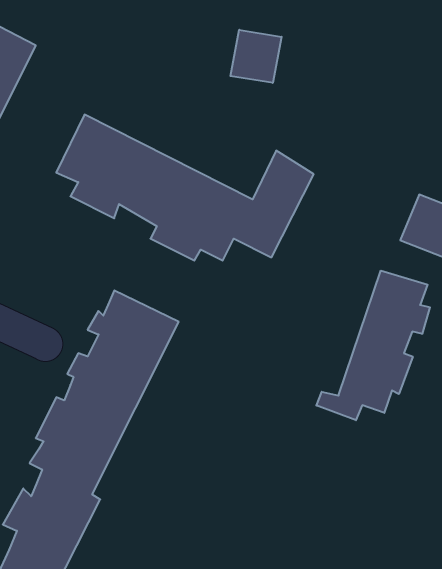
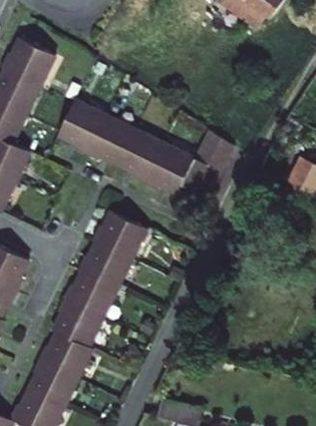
building: [230,30,282,83] -> none
building: [316,271,430,420] -> none

